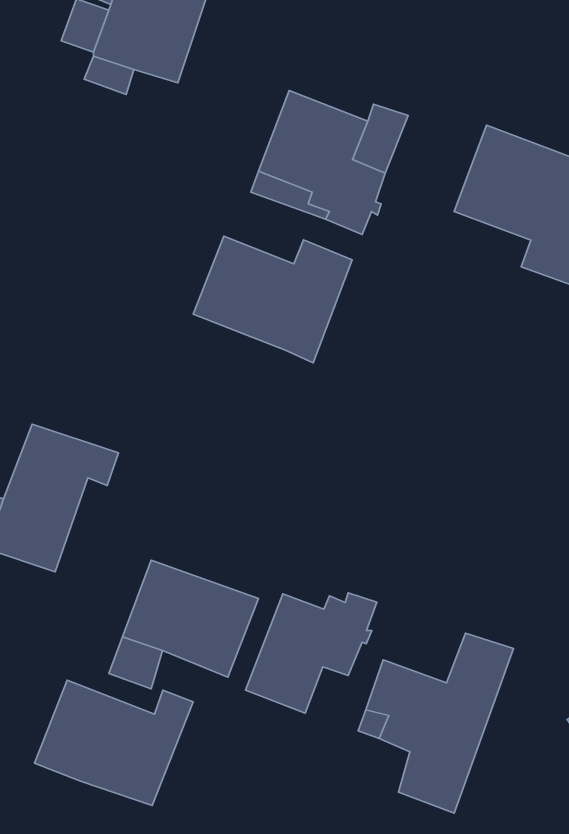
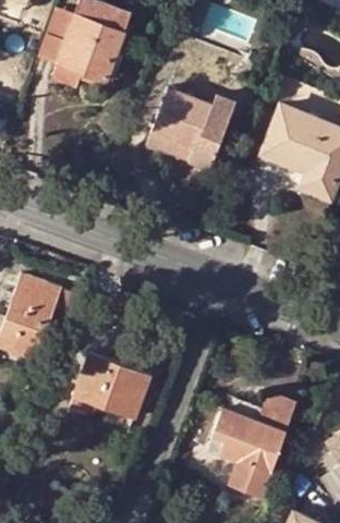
building: [193,236,352,363] -> none
building: [245,593,377,713] -> none
building: [34,680,193,806] -> none

